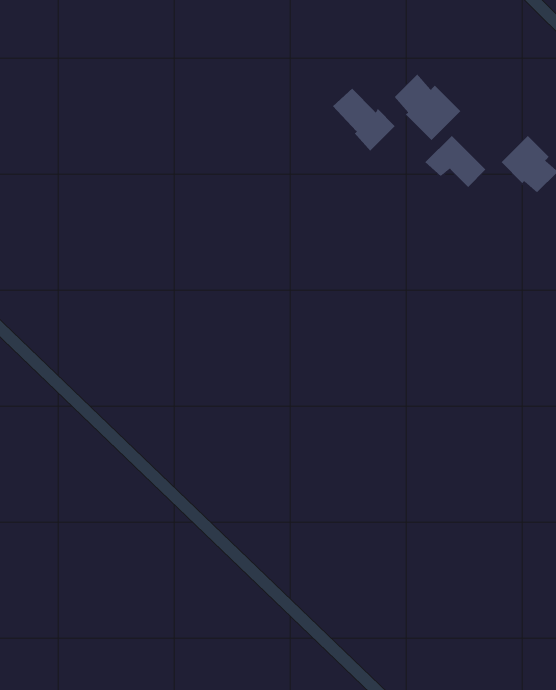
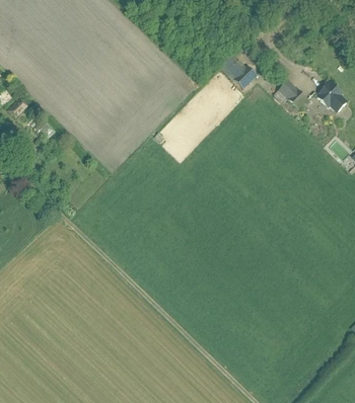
building: [394,73,461,141] -> none

